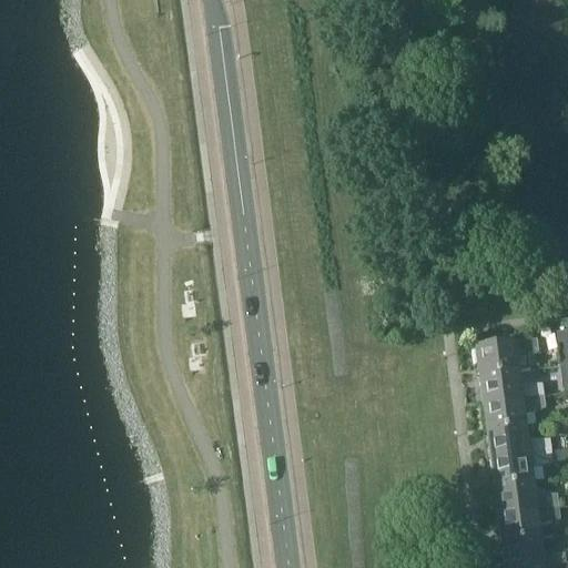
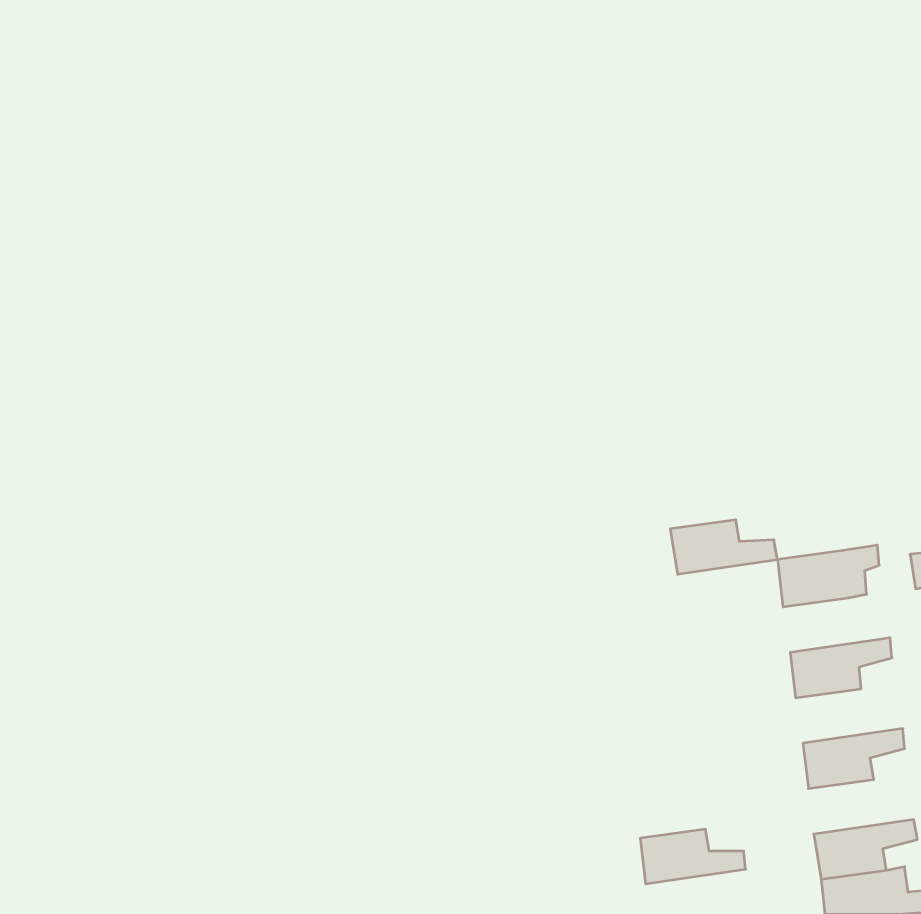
building: [483,365,548,398] -> [670,520,777,574]
building: [490,420,556,454] -> none
building: [498,476,562,509] -> [640,829,746,884]

